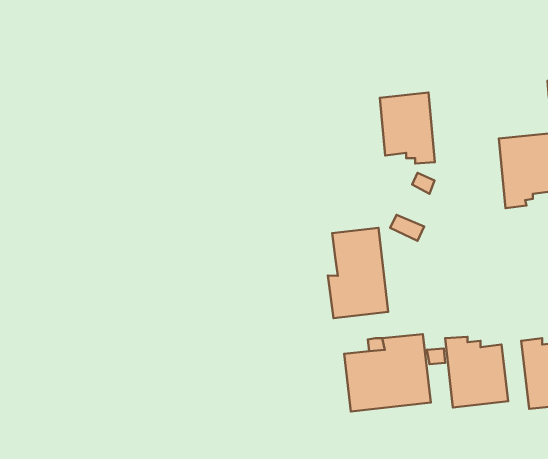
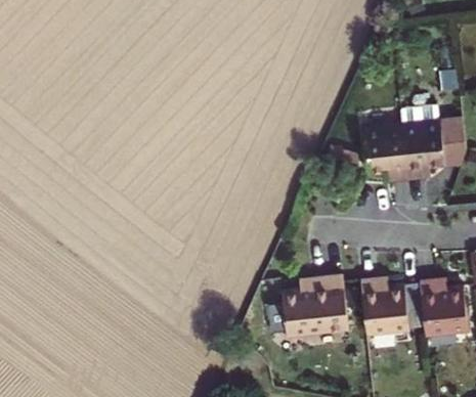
building: [380,93,435,163] -> [365,125,408,180]
building: [328,228,388,318] -> none

